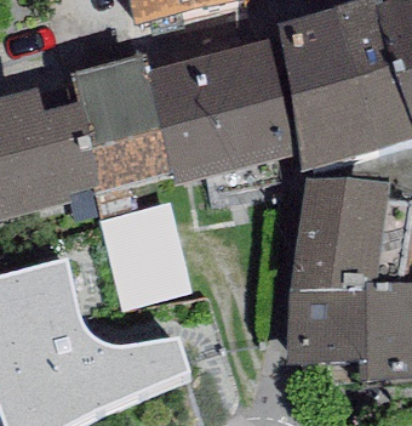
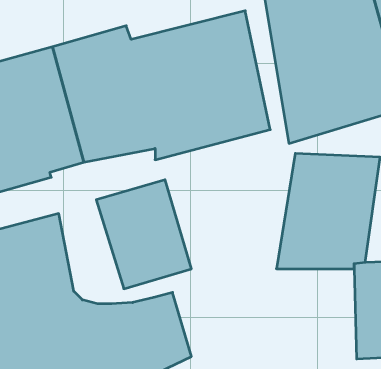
building: [286,290,366,381] -> none

